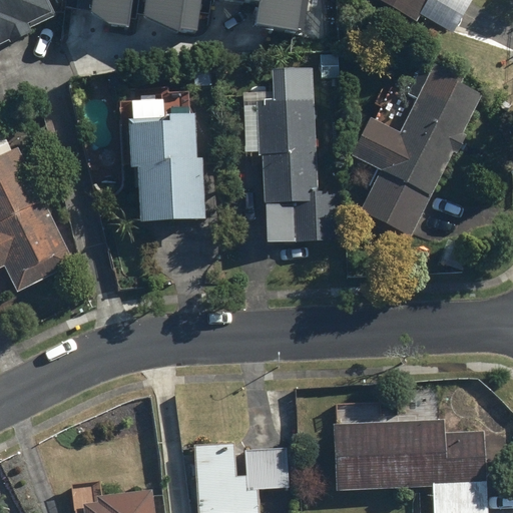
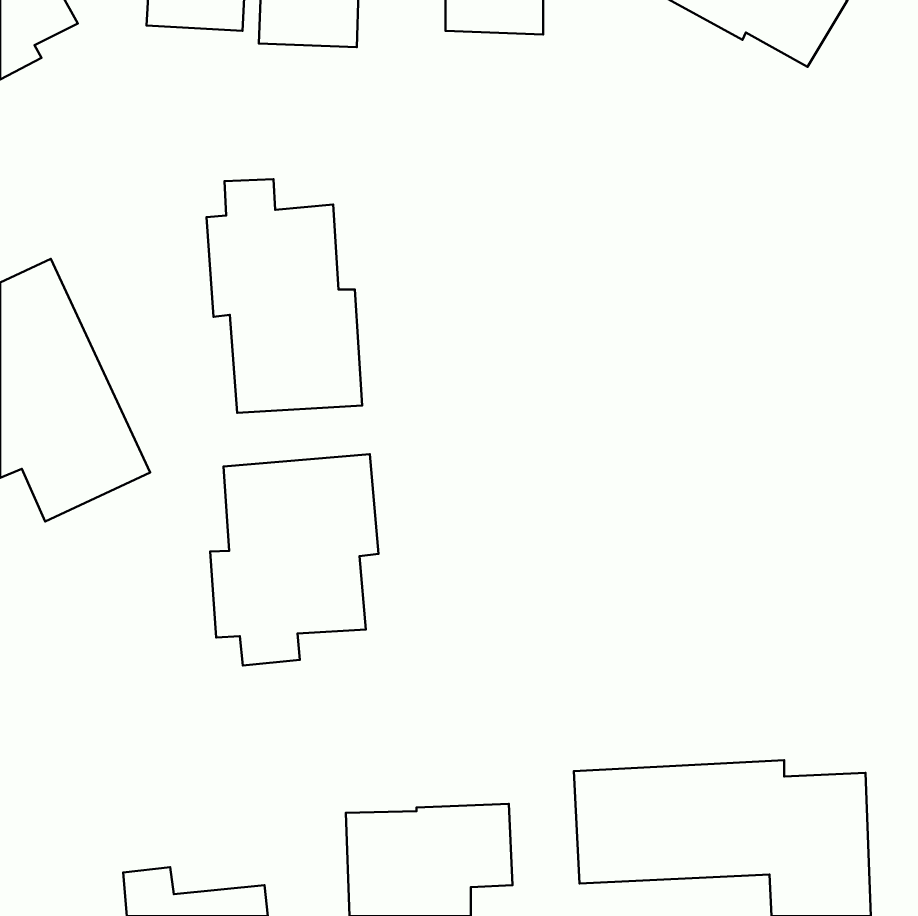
building: [251,52,339,246] -> none
building: [349,68,477,235] -> none
building: none -> [210,454,379,666]

